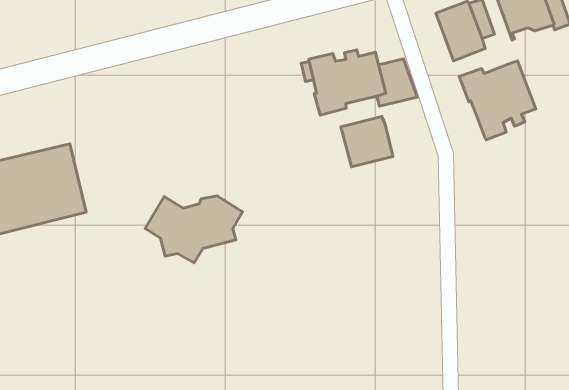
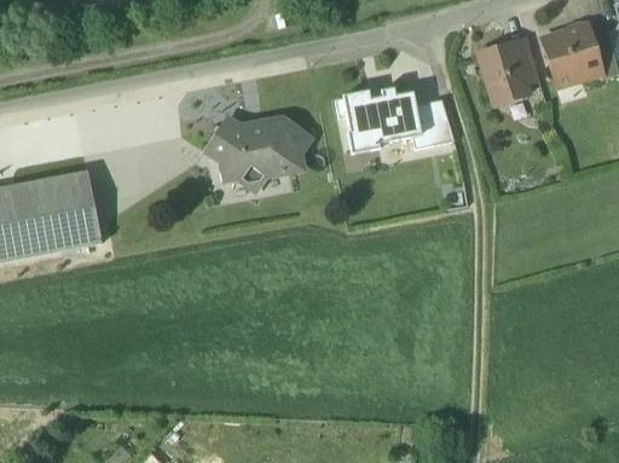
building: [459,61,536,140] -> none
building: [341,117,393,167] -> none
building: [145,196,242,263] -> [206,117,308,189]

